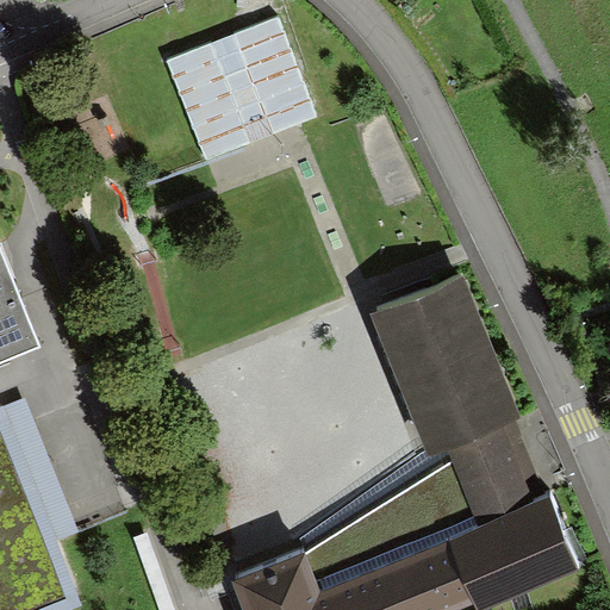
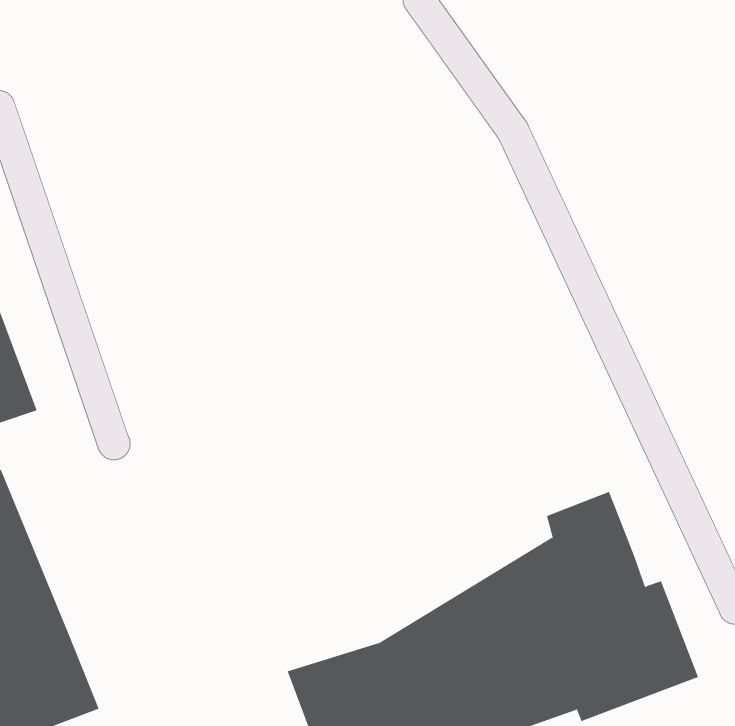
building: [163,27,312,169] -> none
building: [379,281,515,444] -> none

